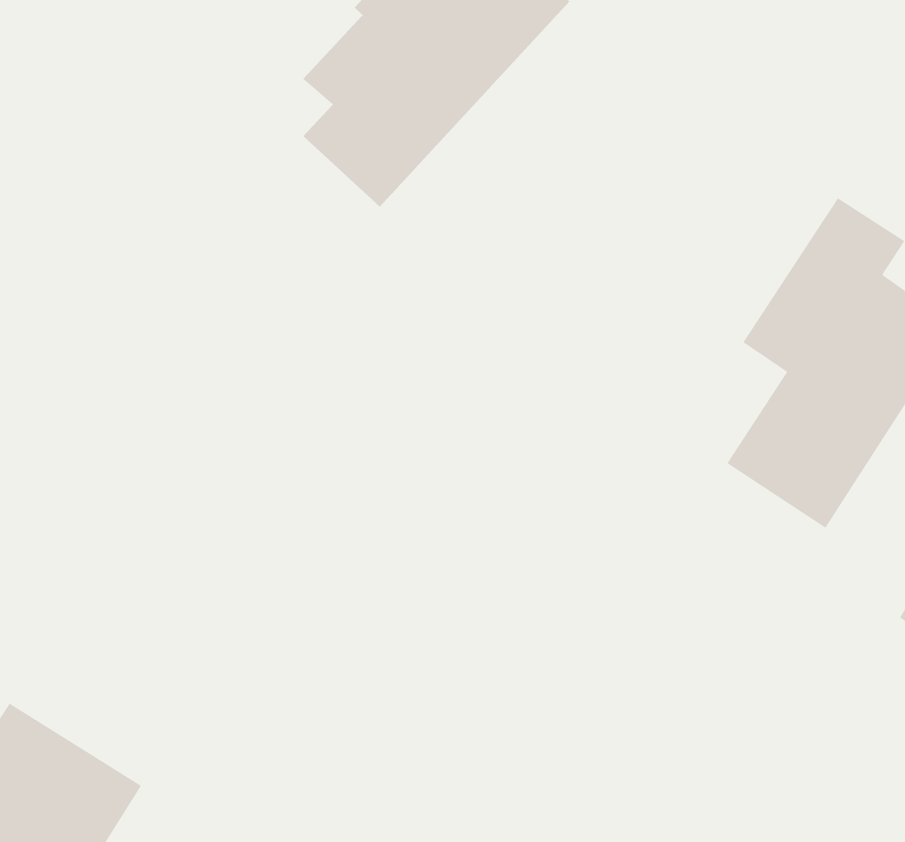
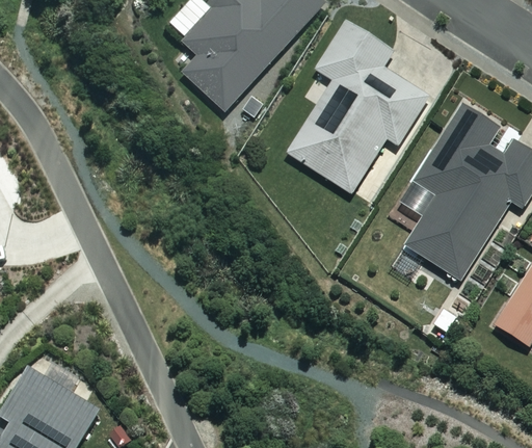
building: none -> [289,23,433,192]

